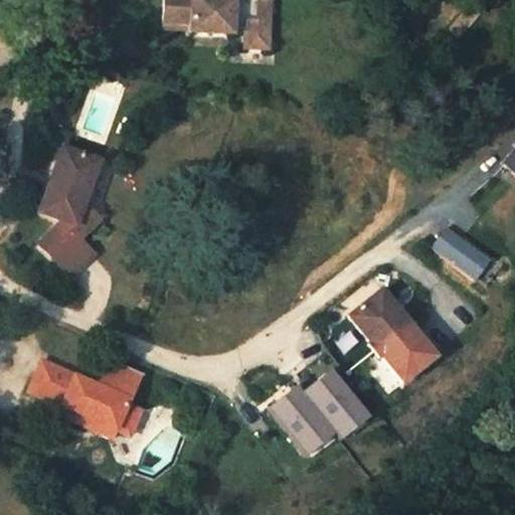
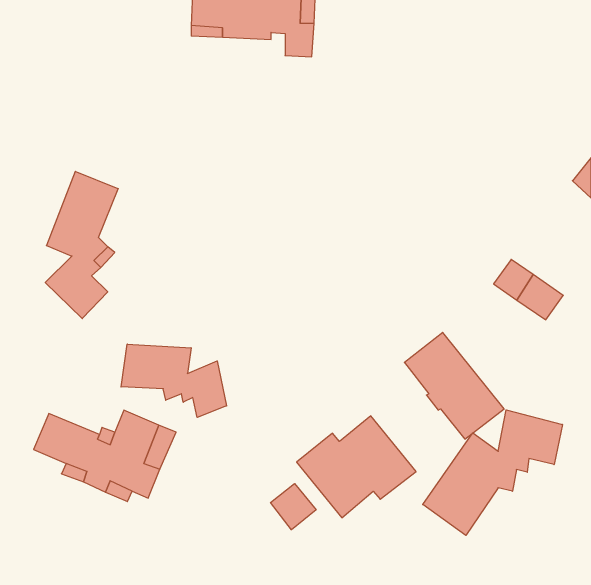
building: none -> [121,344,227,417]
building: none -> [423,410,562,535]
building: none -> [271,484,316,530]

